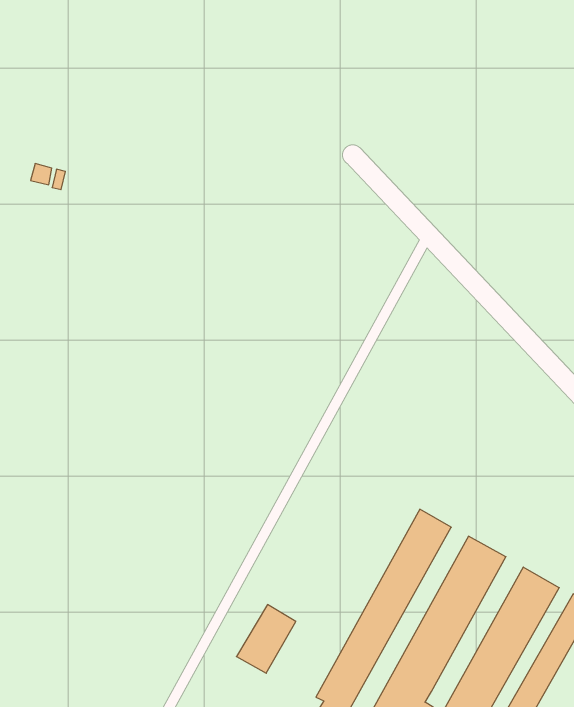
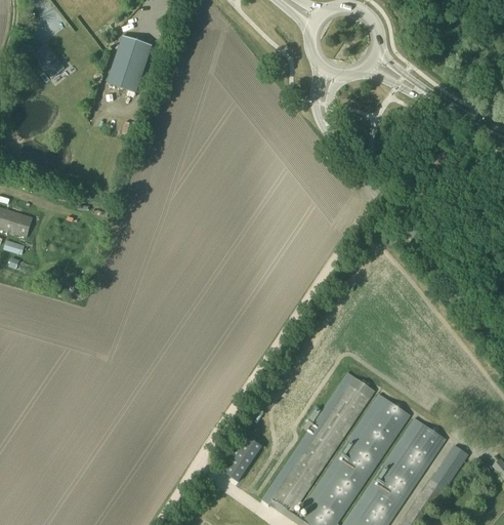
building: none -> [104,35,151,92]

